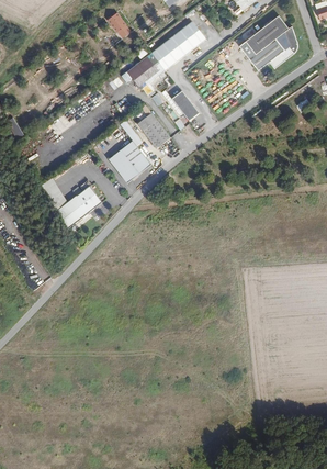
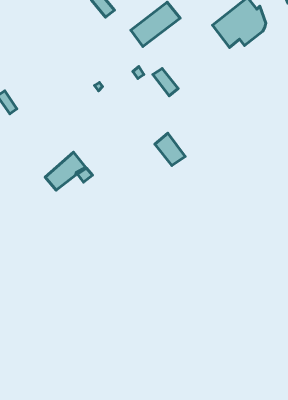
building: [125,52,163,89] -> none
building: [137,112,170,147] -> [155,133,185,165]
building: [110,141,151,183] -> none

